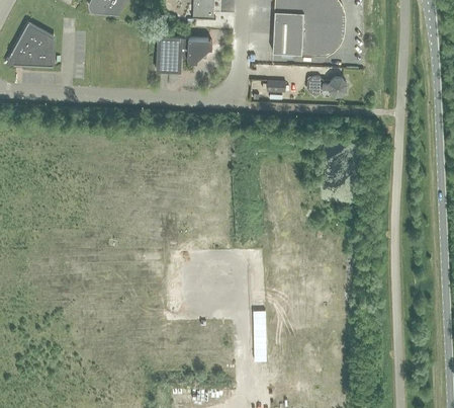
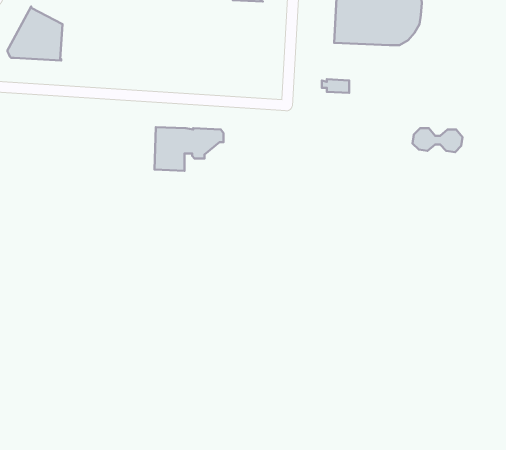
building: [157,36,212,72] -> [154,127,223,171]
building: [306,76,347,95] -> [412,128,463,152]

